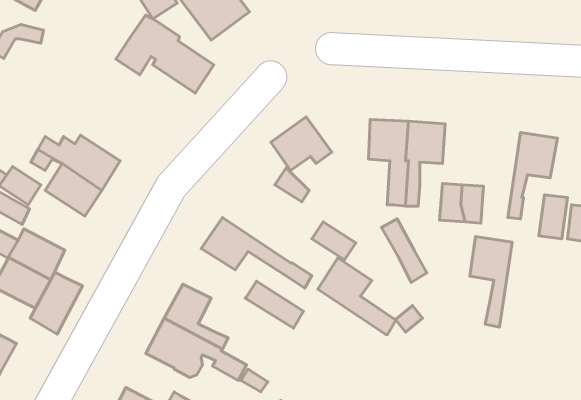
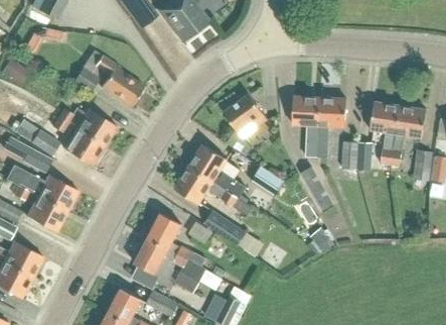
building: [116,15,214,93] -> [72,50,142,106]
building: [470,236,512,327] -> [369,101,400,166]
building: [318,258,396,334] -> [188,143,244,198]
building: [30,272,82,334] -> none

